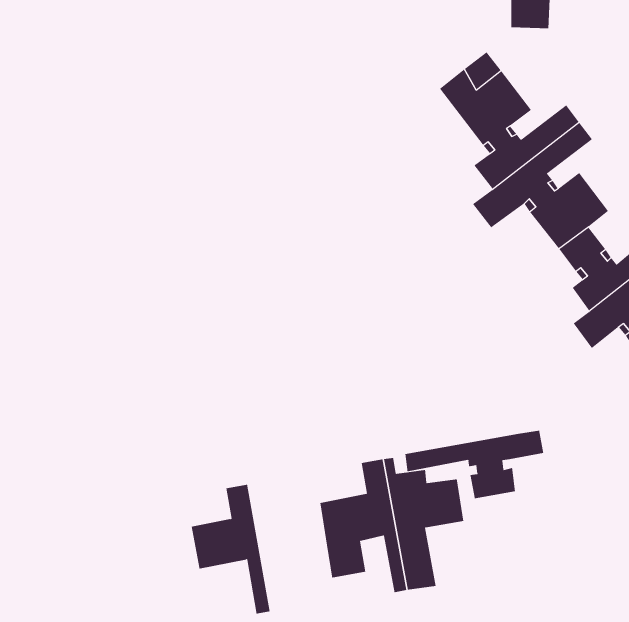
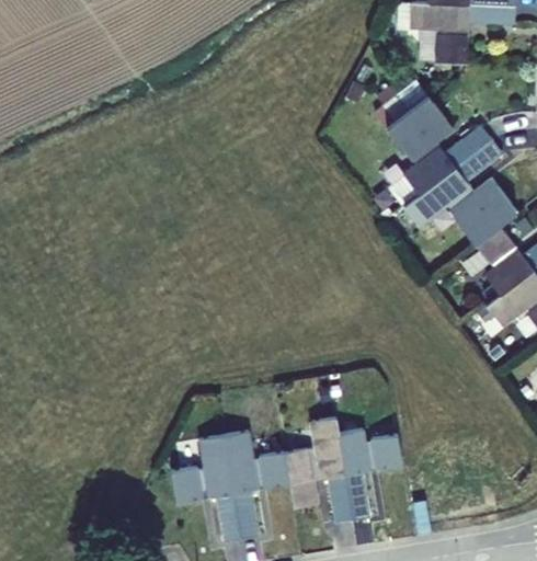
building: [405,430,544,499] -> none
building: none -> [218,432,283,542]

